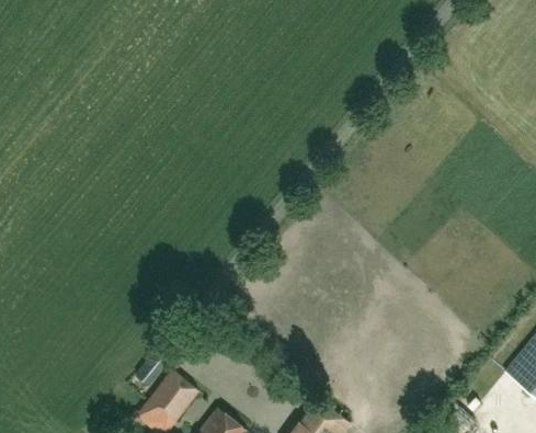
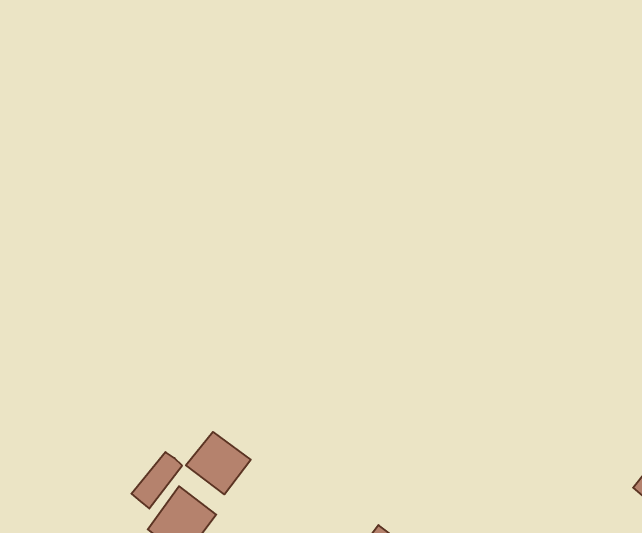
building: none -> [186,432,251,494]

